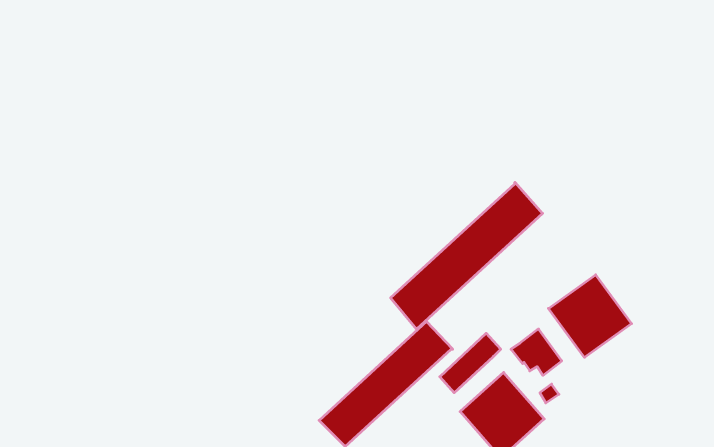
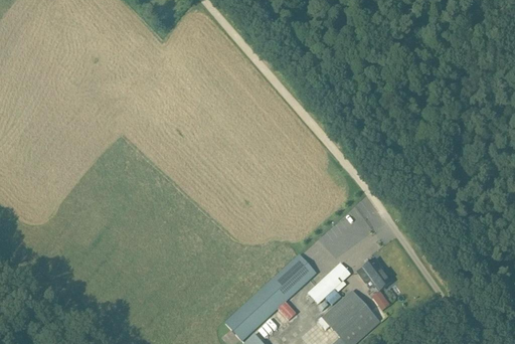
building: [391,182,543,329] -> none
building: [548,275,632,357] -> none

